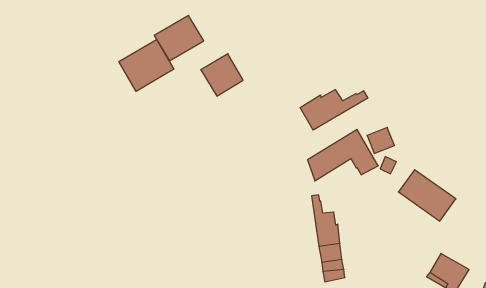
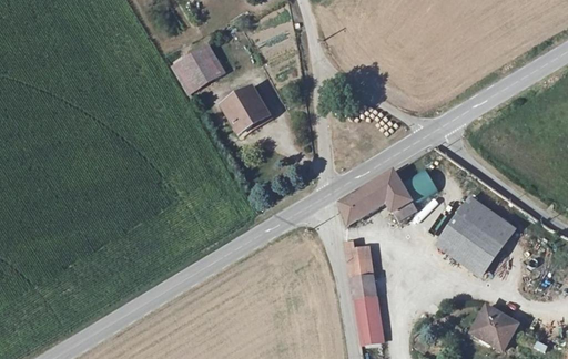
building: [119,39,174,91] -> none
building: [300,90,368,130] -> none
building: none -> [457,196,515,246]

